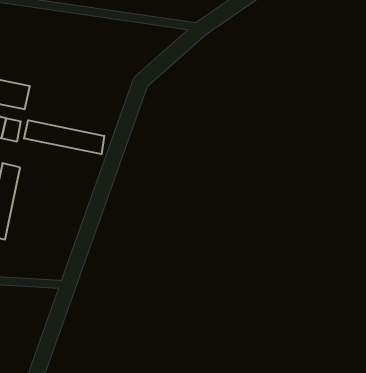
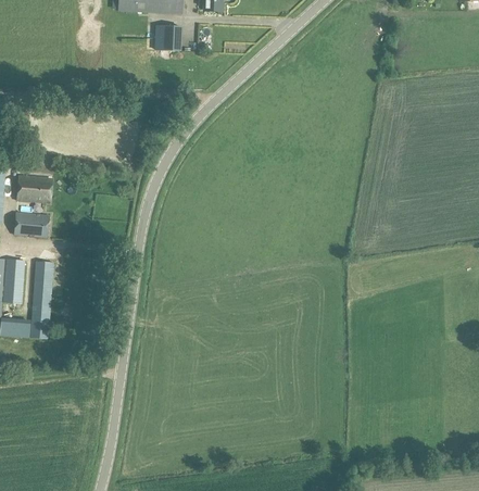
building: [24,120,104,154] -> none

